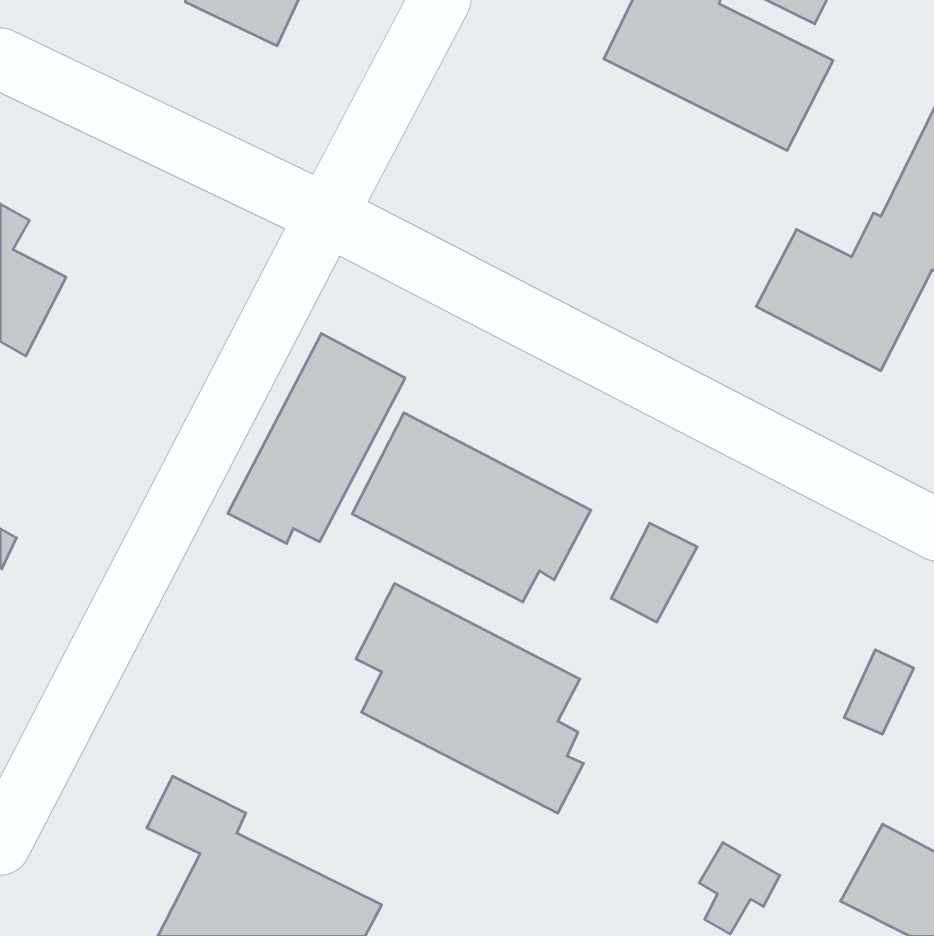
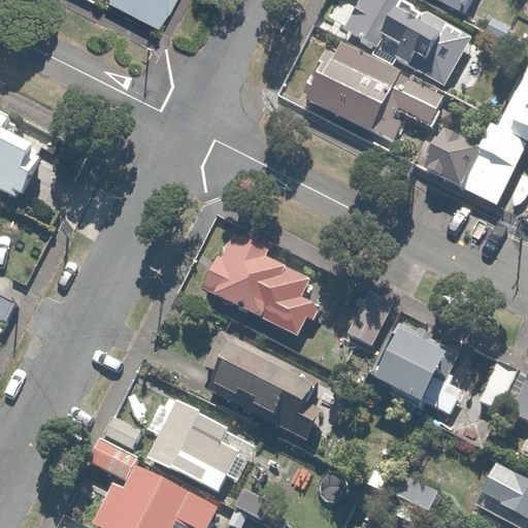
building: none -> [301,39,441,143]
building: [228,333,405,544] -> none
building: none -> [369,322,466,420]
building: none -> [147,394,256,487]

